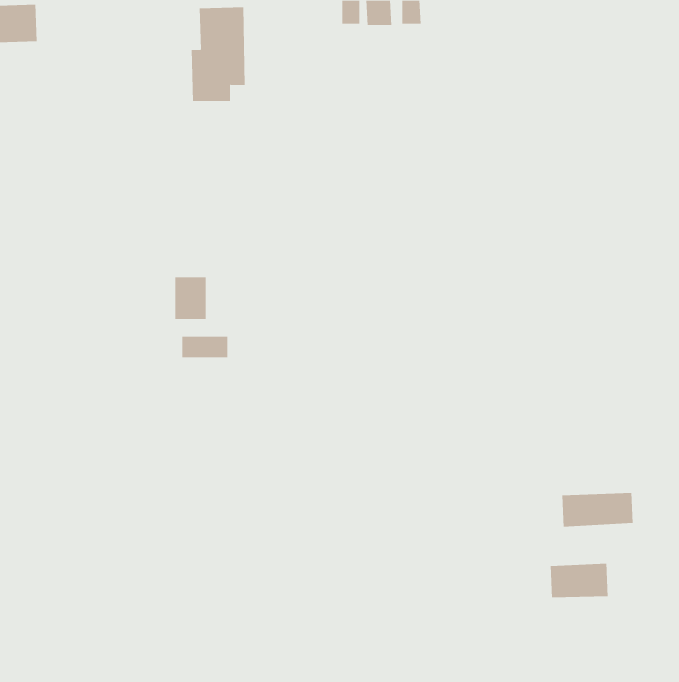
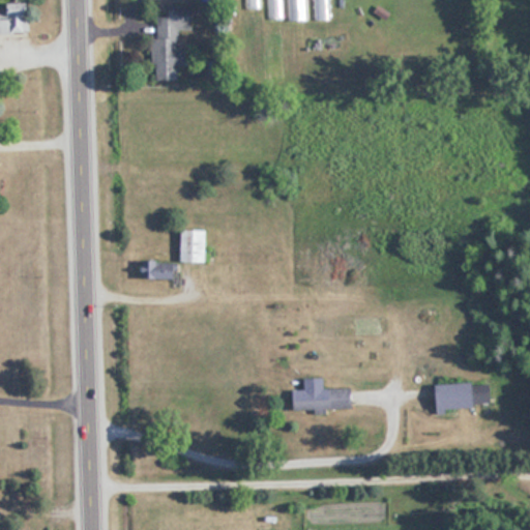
building: [175,277,207,320] -> [180,229,205,262]
building: none -> [293,381,352,410]
building: [550,563,608,598] -> none

